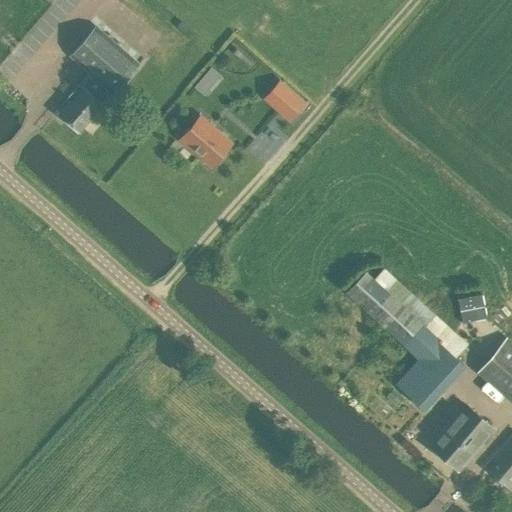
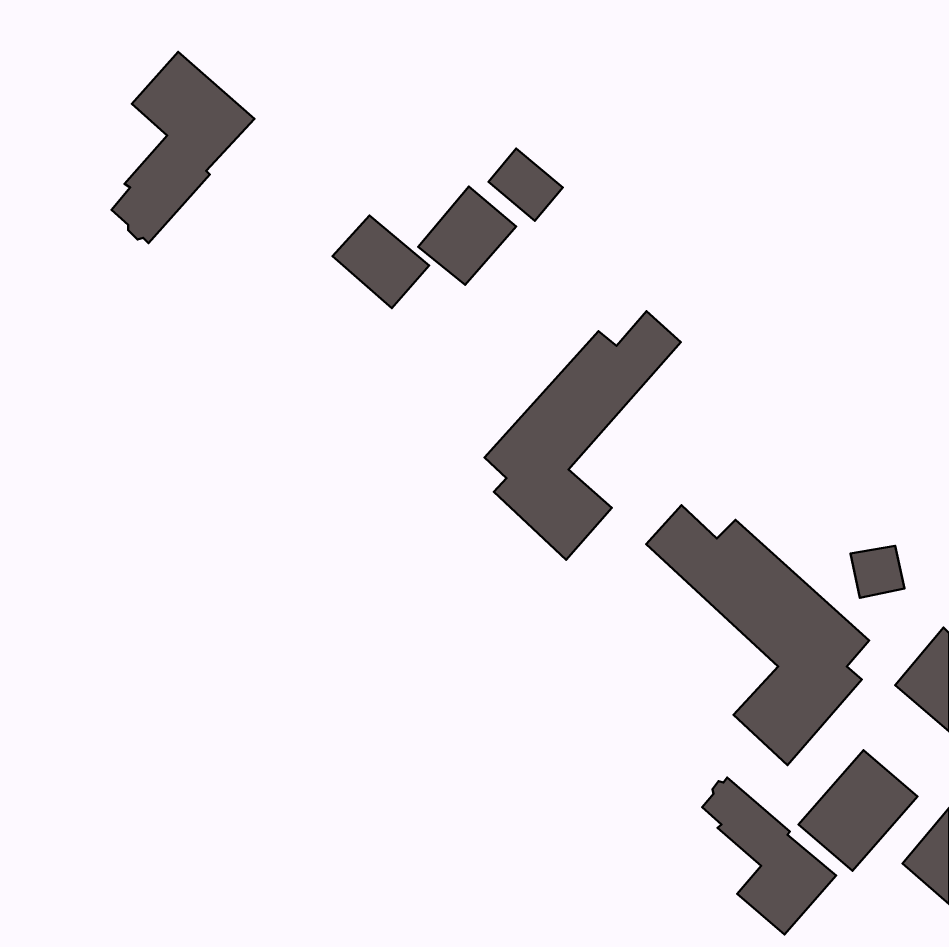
building: none -> [418,187,516,285]
building: none -> [485,311,681,560]
building: none -> [702,778,836,935]

